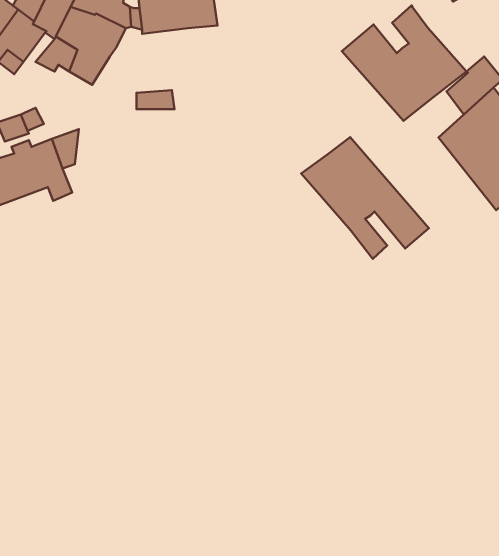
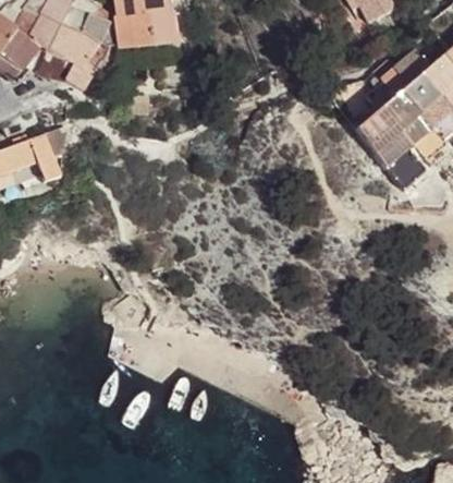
building: [342,6,467,121] -> none
building: [301,137,429,259] -> none

